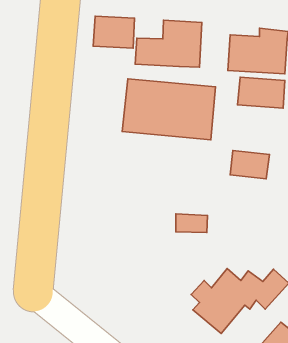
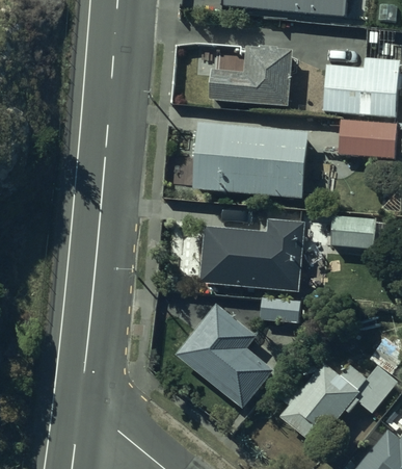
building: [93,16,134,48] -> none
building: none -> [196,219,303,291]
building: none -> [173,302,277,407]

